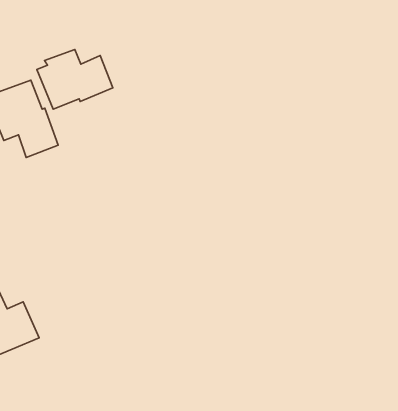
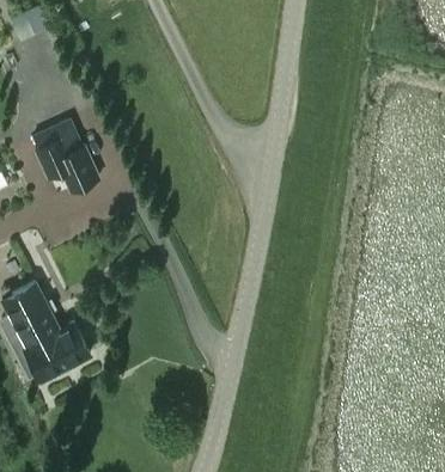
building: [37,49,113,109] -> none

